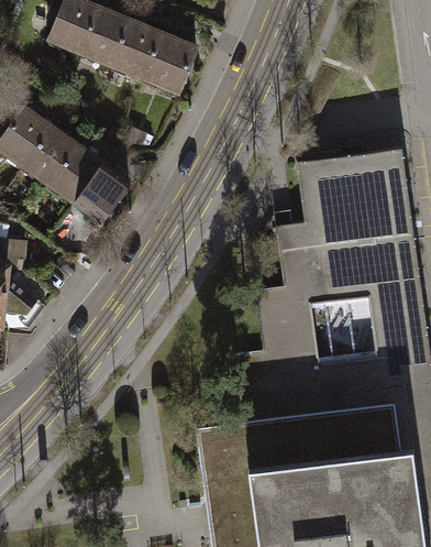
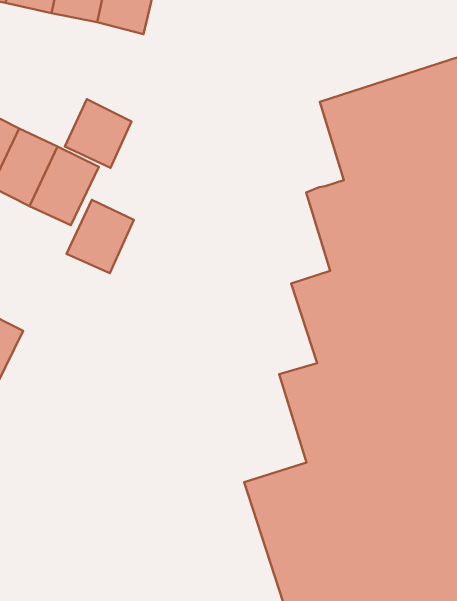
building: none -> [65,99,132,168]
building: none -> [67,200,134,273]

